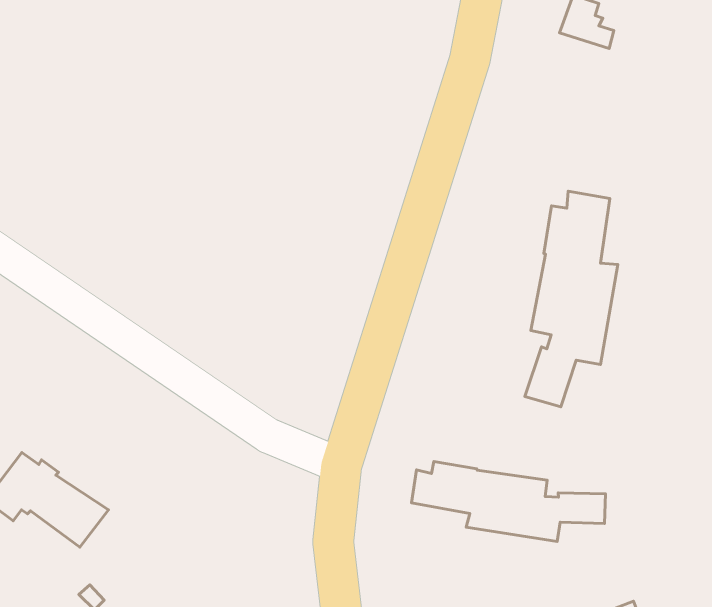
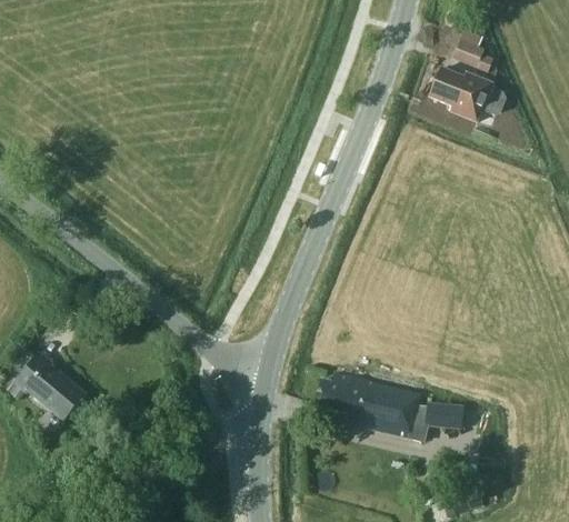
building: none -> [430,68,506,121]
building: [525,191,618,407] -> none

